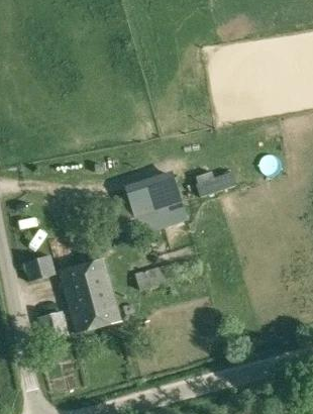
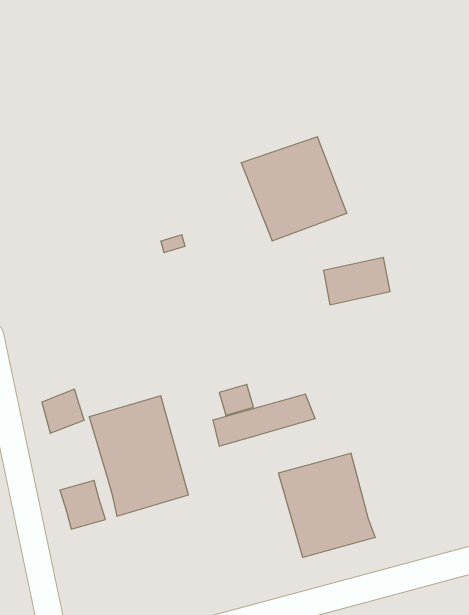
building: [122,171,188,235] -> [241,137,347,241]
building: none -> [278,453,375,557]

